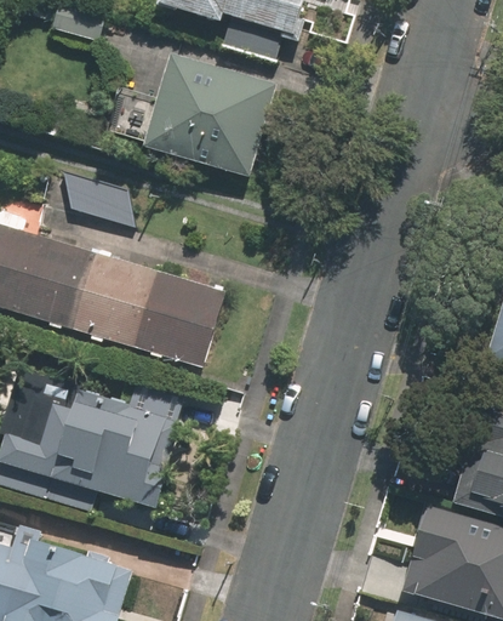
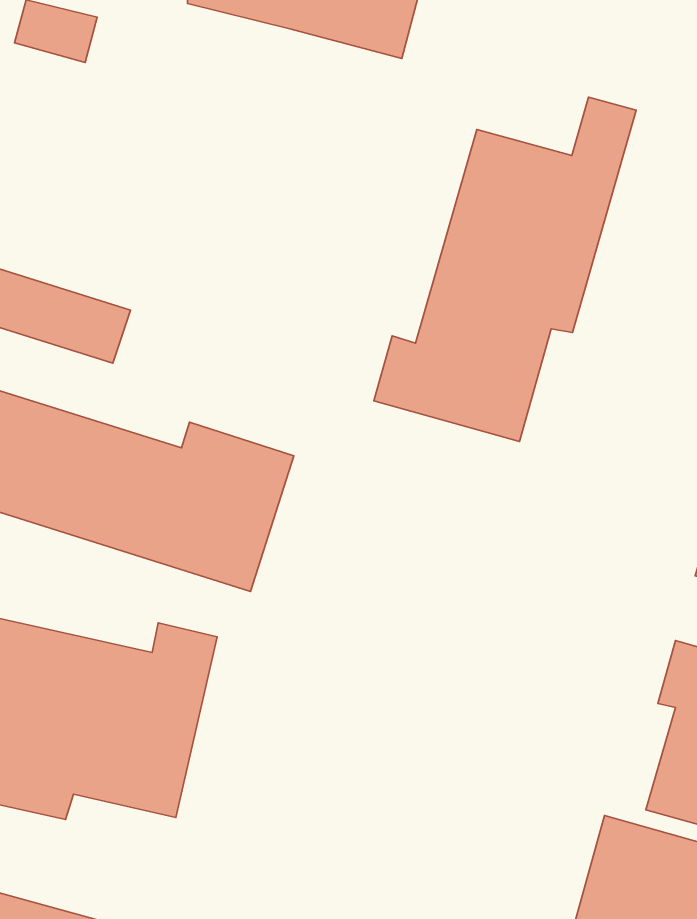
building: [152,52,279,172] -> none
building: none -> [374,97,636,441]

